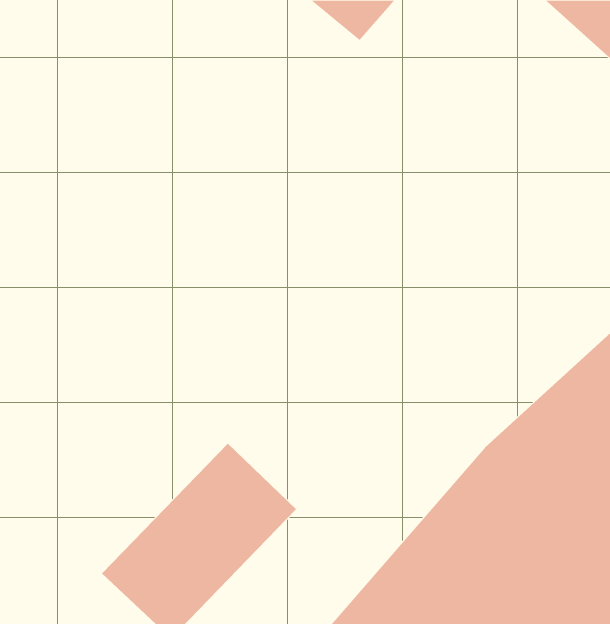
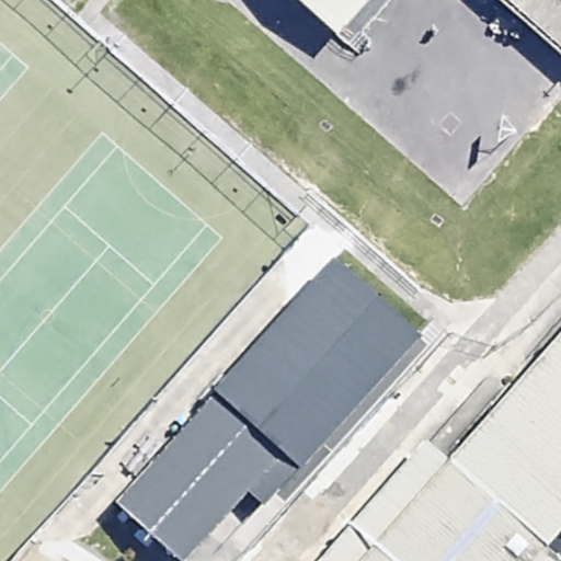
building: none -> [225,256,430,465]

